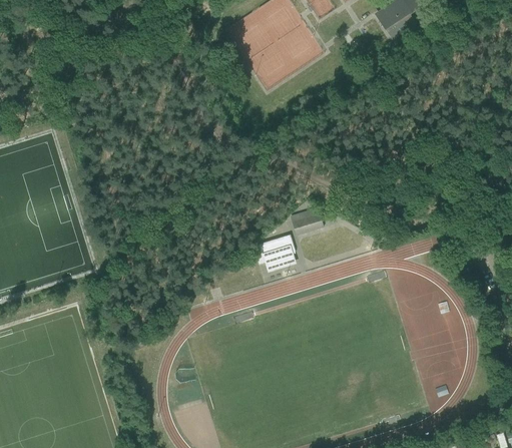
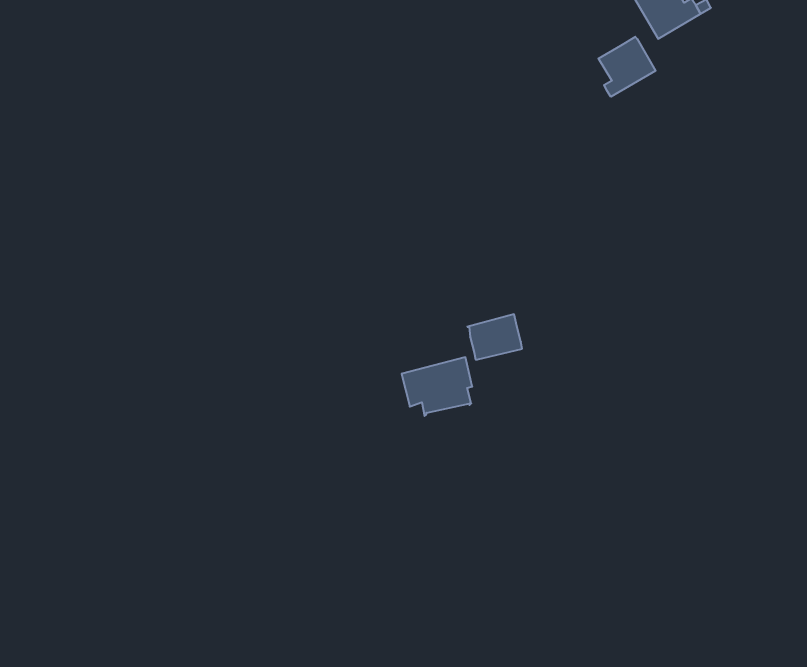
building: none -> [598,37,656,97]

